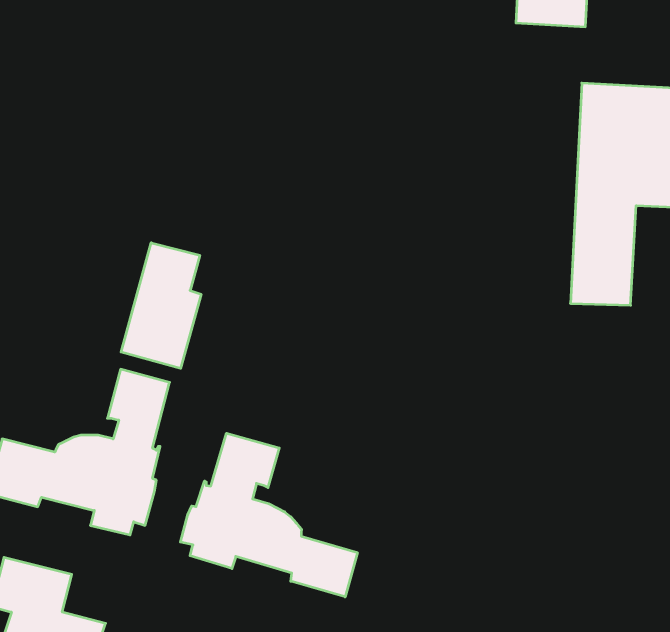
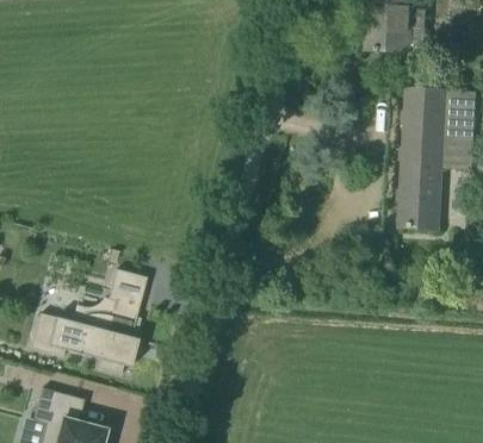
building: [121,243,201,368] -> none
building: [180,433,357,597] -> none

